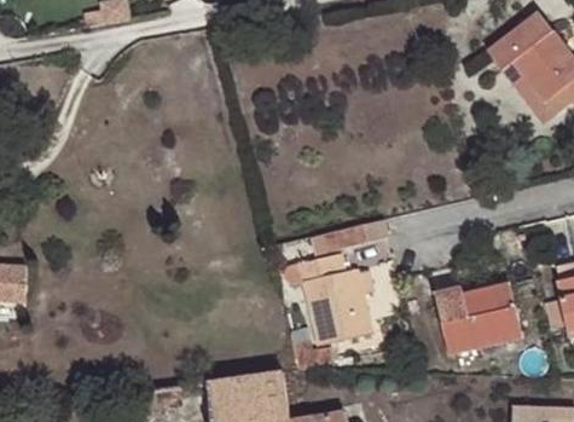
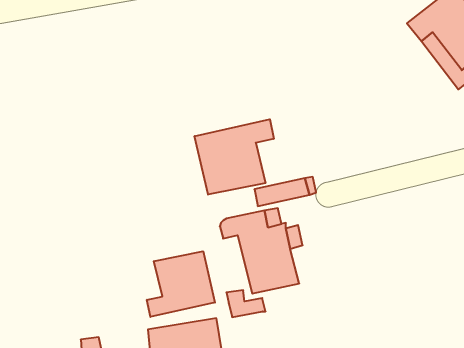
building: none -> [195,119,274,195]
building: [435,284,520,352] -> none
building: none -> [147,251,215,317]

